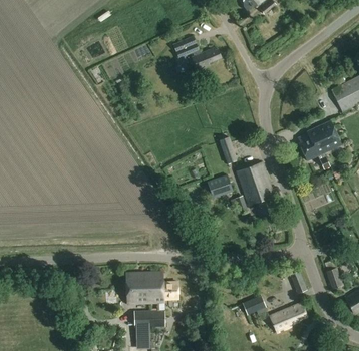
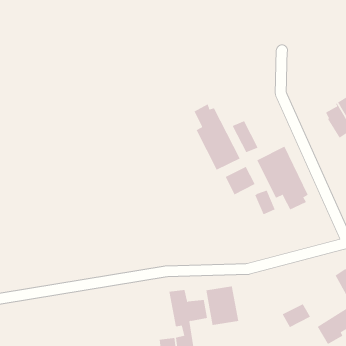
building: [173,37,222,69] -> none
building: none -> [194,104,240,171]
building: [126,272,151,303] -> [205,286,239,326]

